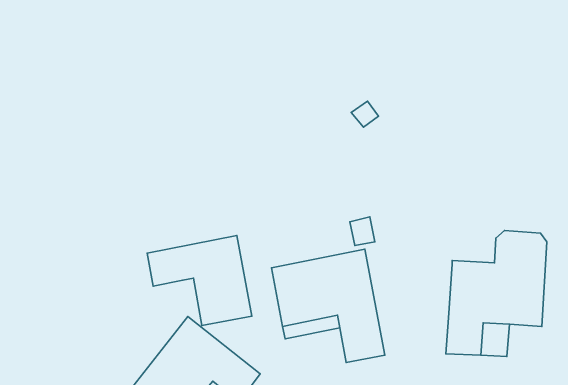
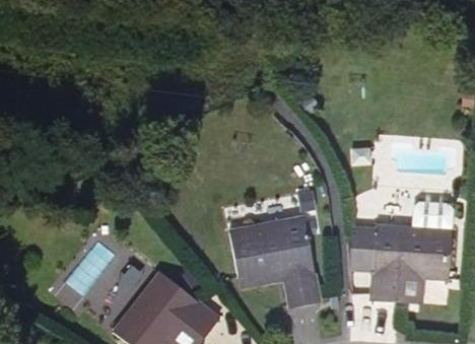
building: [147,236,252,326] -> none
building: none -> [345,226,377,272]

